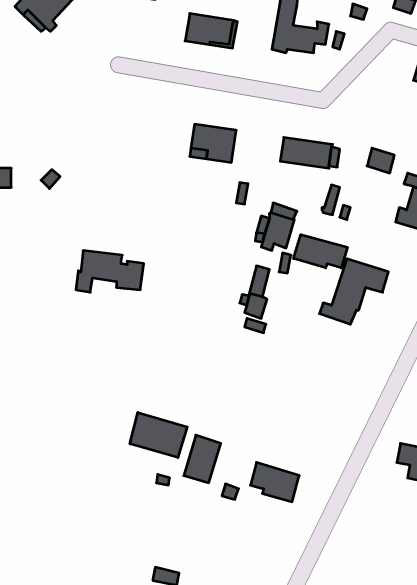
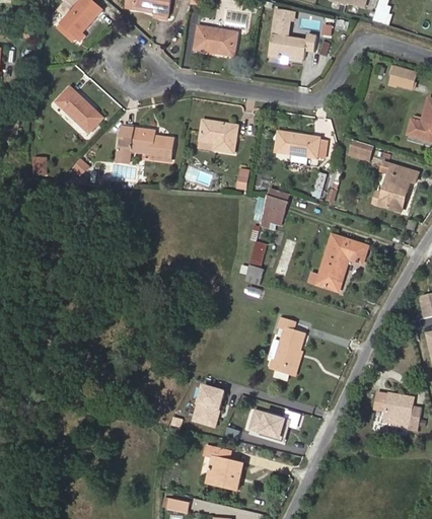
building: none -> [56,87,102,132]
building: [294,235,347,268] -> none
building: [76,251,144,292] -> [116,127,173,162]
building: none -> [267,317,304,374]
building: [130,412,187,458] -> none
building: none -> [206,455,243,490]

